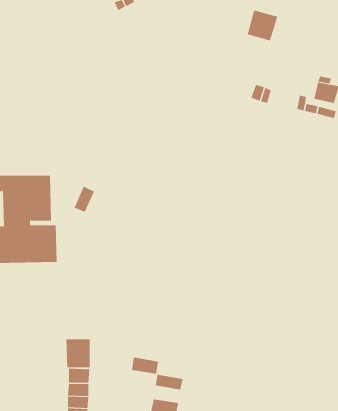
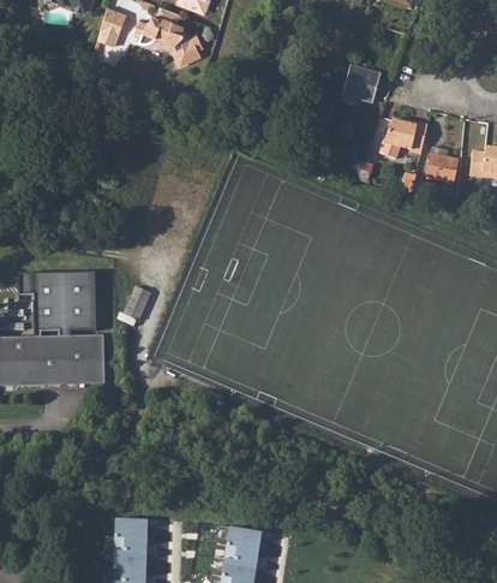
building: none -> [379,120,427,159]
building: [66,338,90,368] -> none
building: [131,357,159,374] -> [223,537,258,559]

